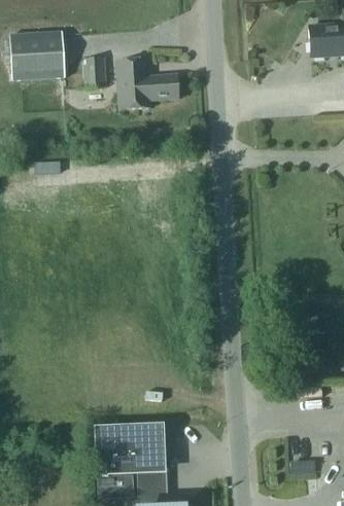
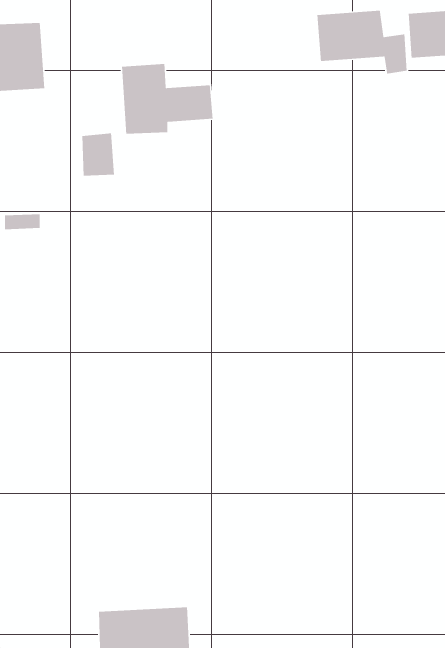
building: none -> [317,10,407,74]
building: [83,58,106,87] -> [81,133,115,177]

